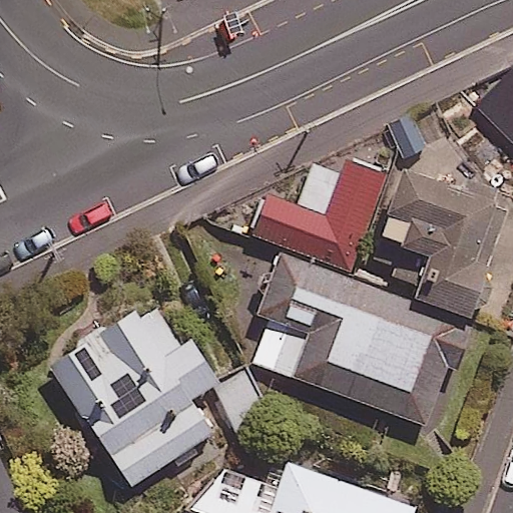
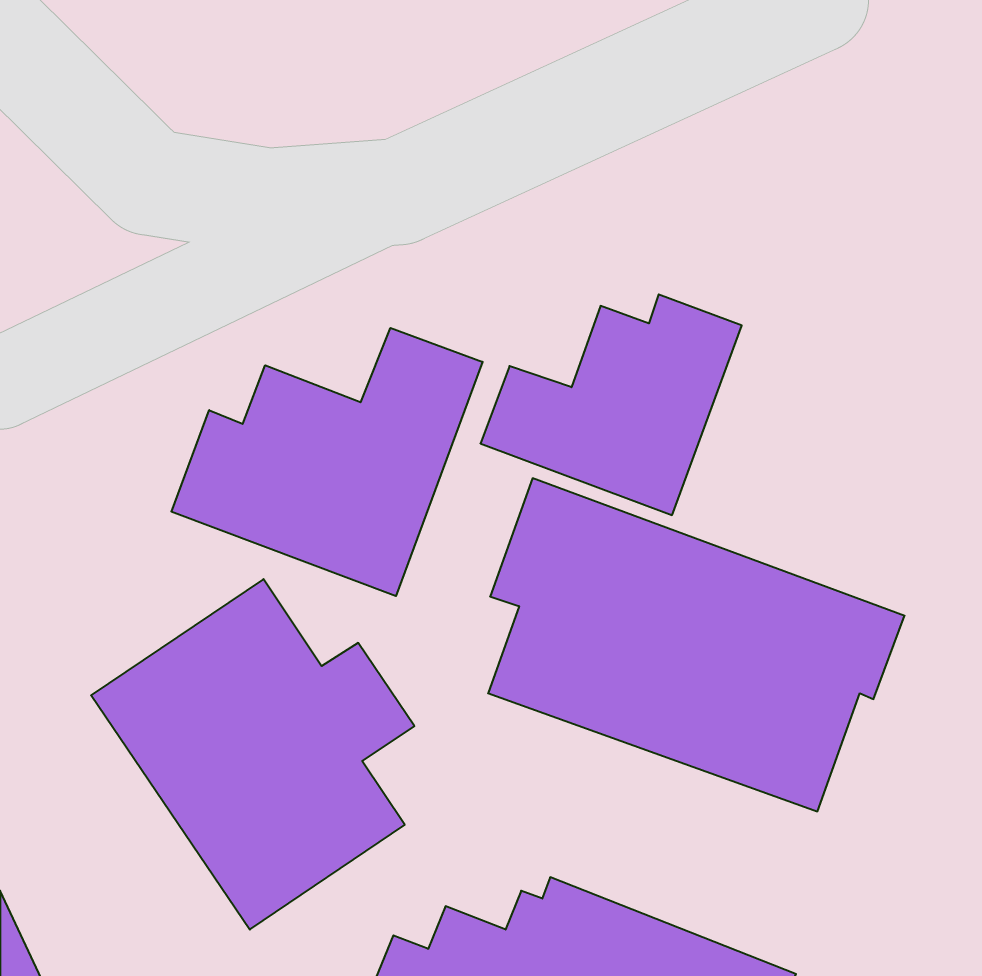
building: [378,166,504,316] -> none
building: none -> [171,328,483,596]

